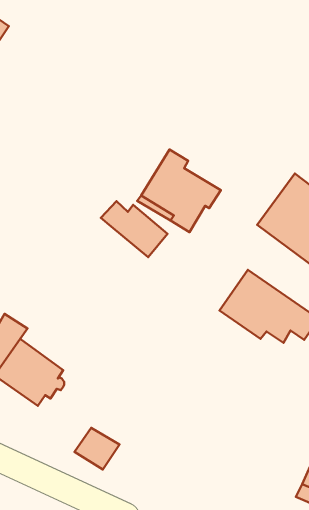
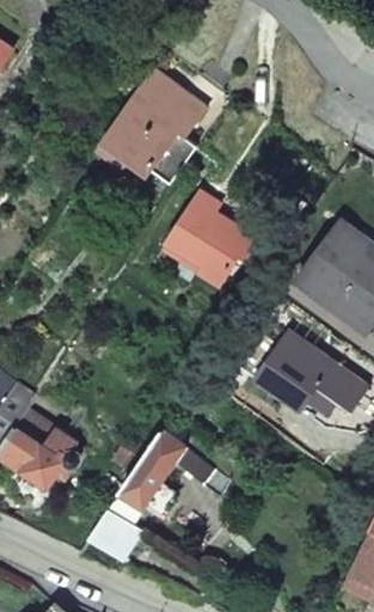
building: none -> [105,67,203,184]
building: [101,201,167,257] -> none
building: none -> [121,433,227,518]

